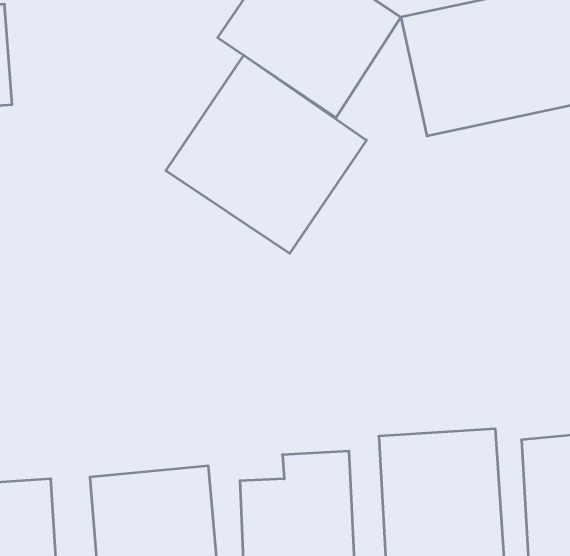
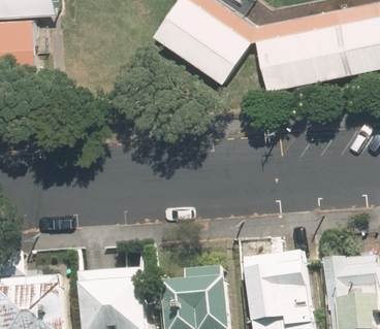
building: [166,55,366,253] -> none

